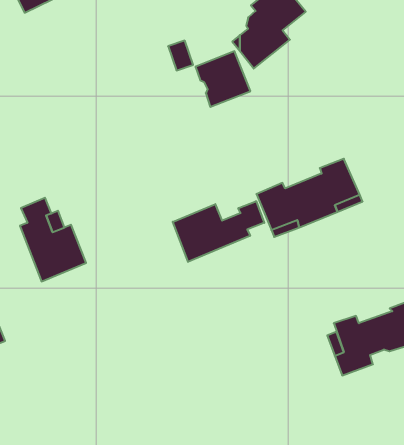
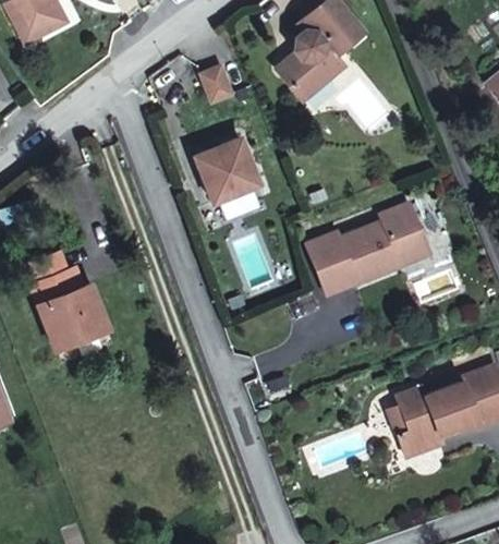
building: [195,51,250,107] -> [193,140,257,205]
building: [173,201,264,262] -> none

